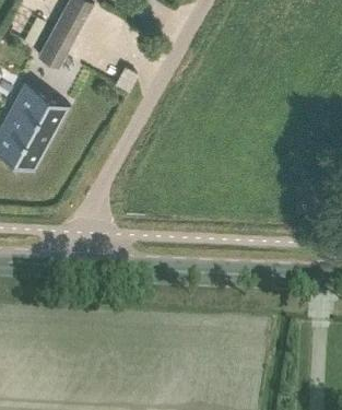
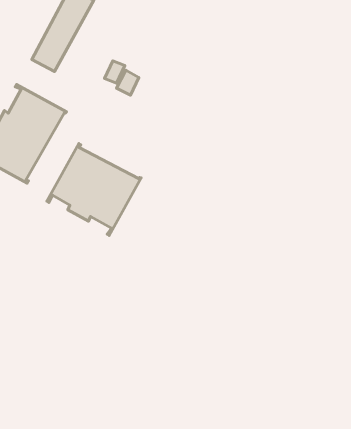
building: none -> [47,144,141,235]

